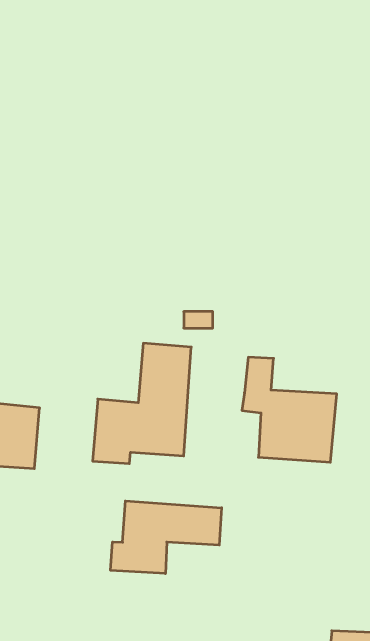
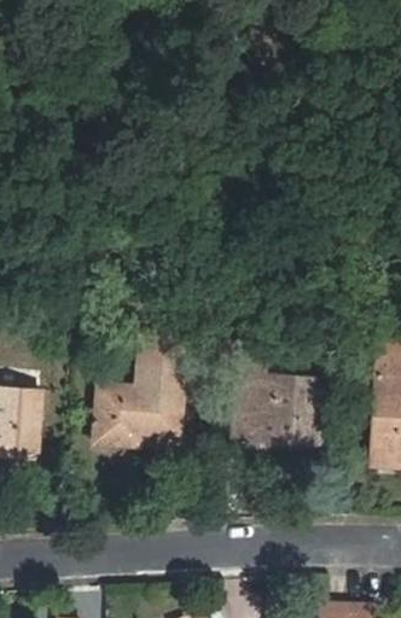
building: [111,501,222,574] -> none

